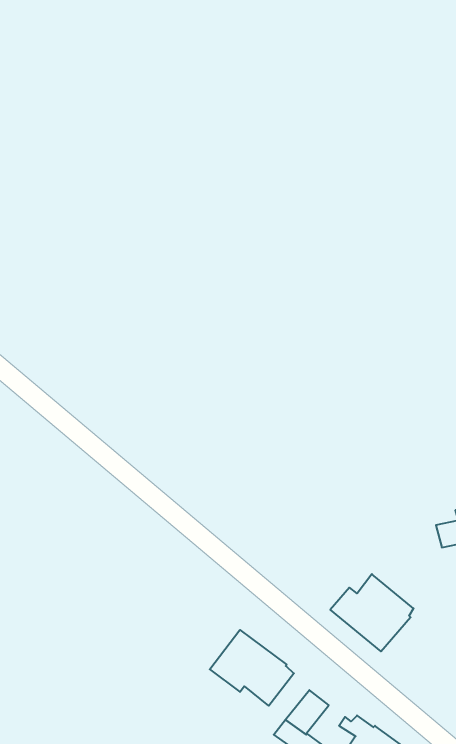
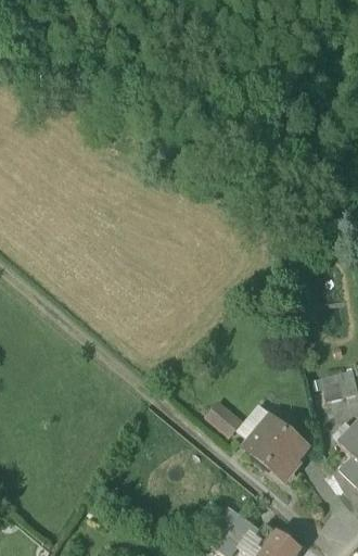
building: none -> [203,396,242,435]
building: [210,630,294,706] -> none

